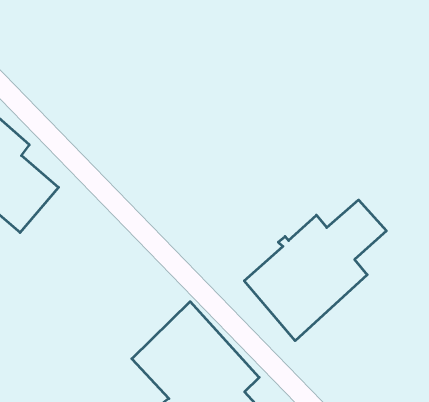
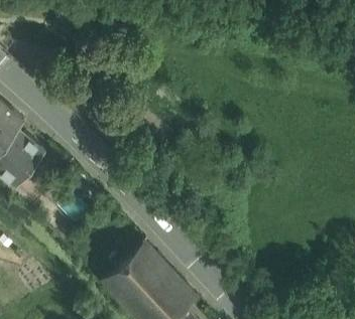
building: [244,200,386,341] -> none

